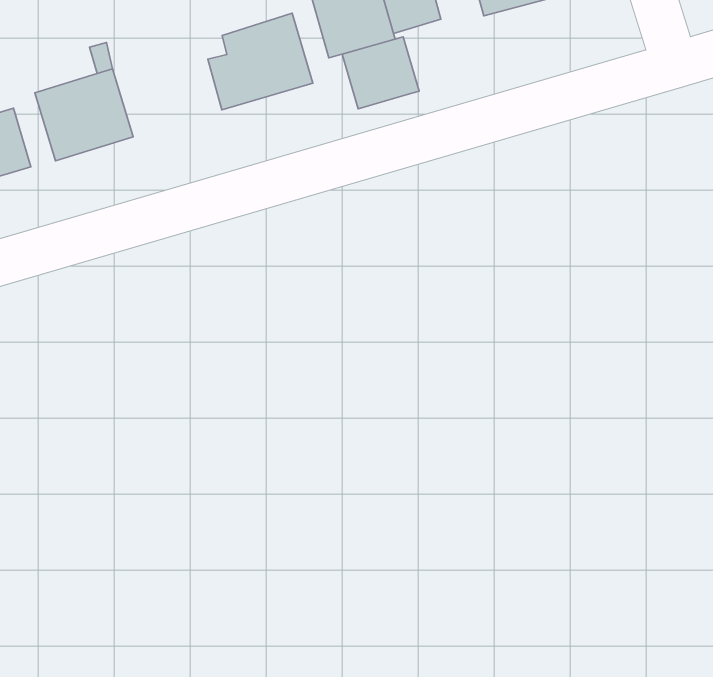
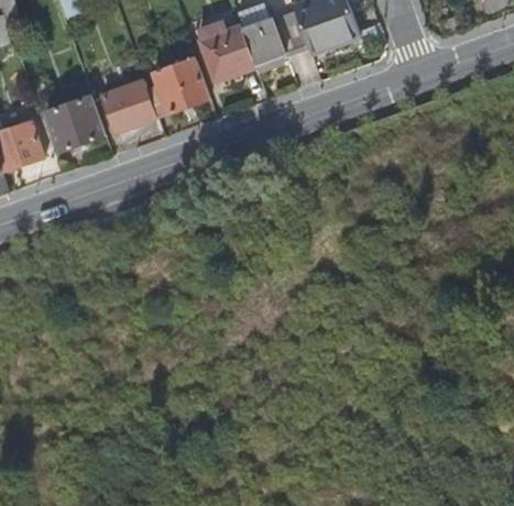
building: [342,37,419,109] -> none
building: none -> [101,81,155,130]

